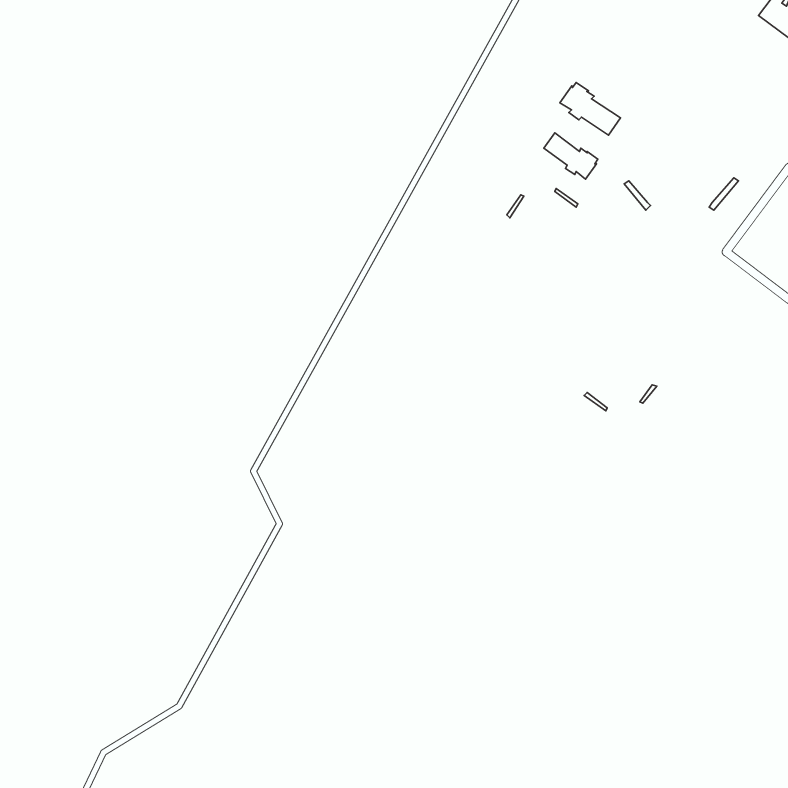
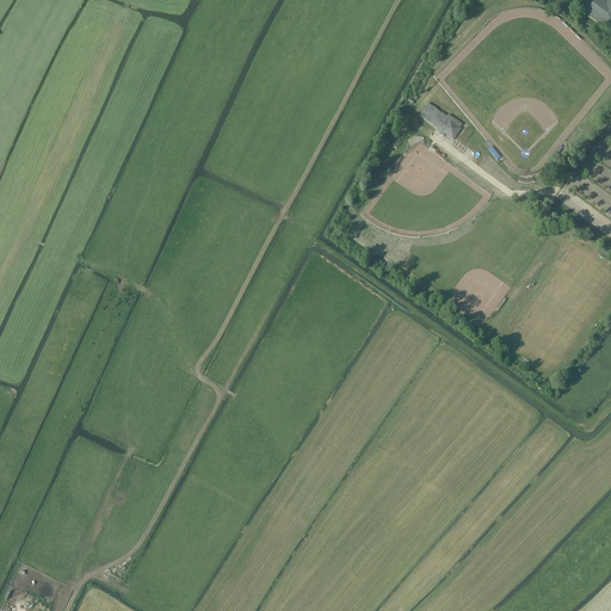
building: [560,82,620,135] -> none

